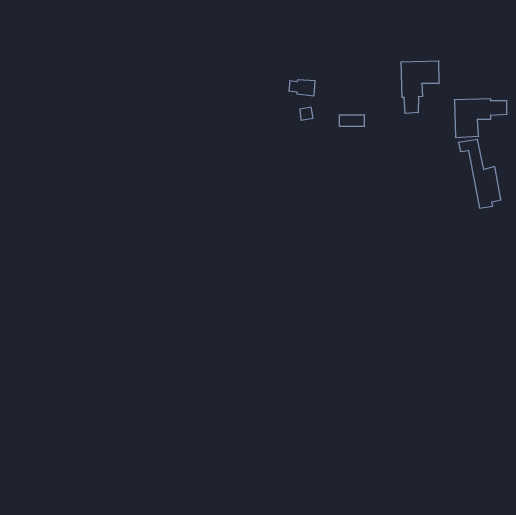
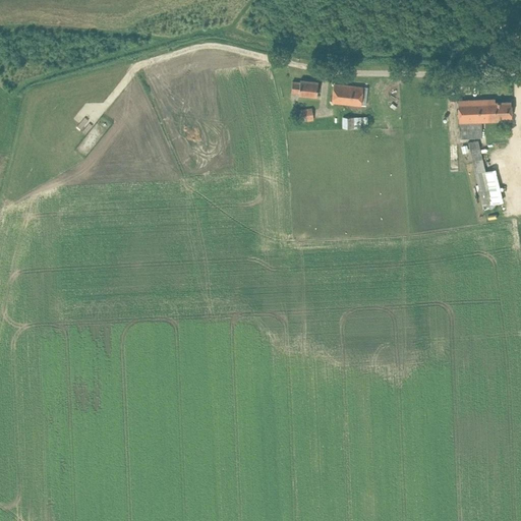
building: [401,61,439,113] -> none
building: none -> [332,84,363,107]

